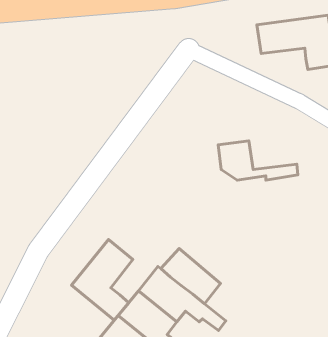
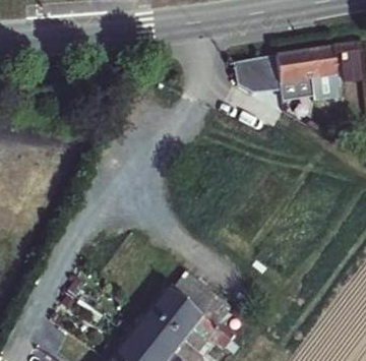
building: [218,141,298,180] -> [234,58,310,96]
building: [71,239,133,320] -> none

